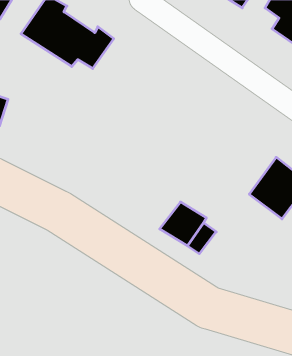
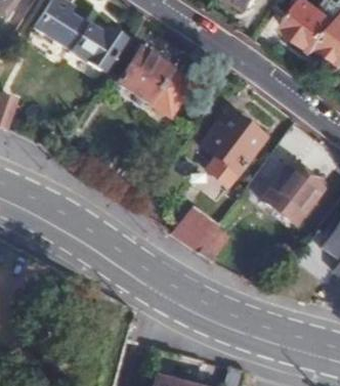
building: none -> [116,49,189,115]
building: none -> [203,112,263,181]

